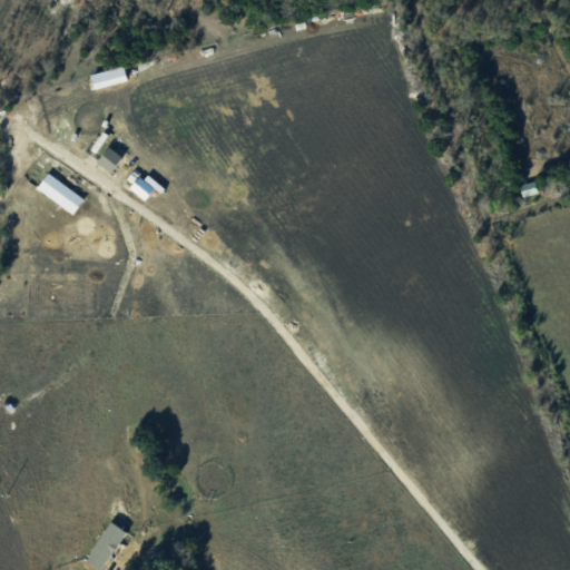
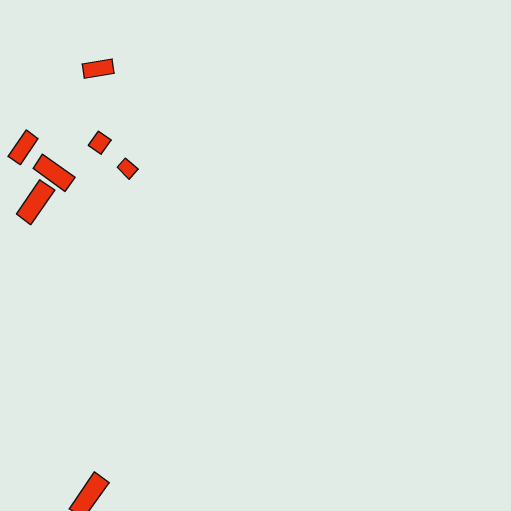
building: none -> [8,130,38,165]
building: none -> [17,180,55,225]

